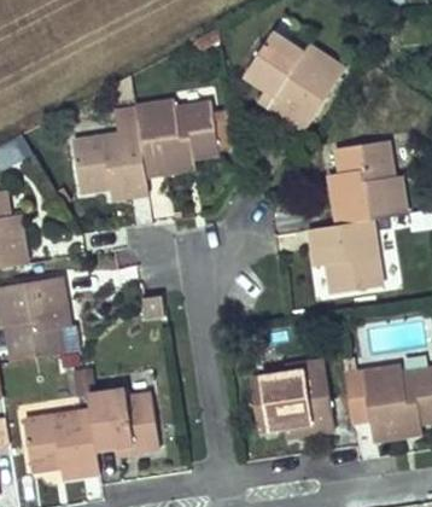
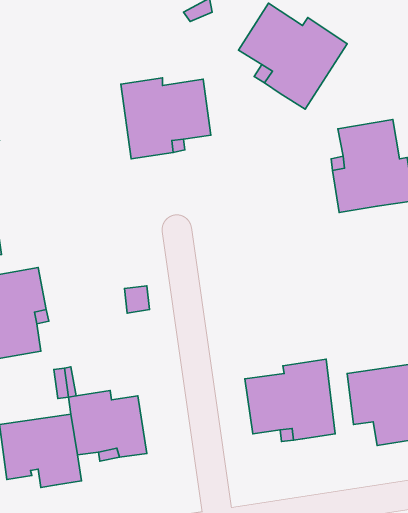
building: [72,106,148,198] -> none
building: [310,218,383,293] -> none

